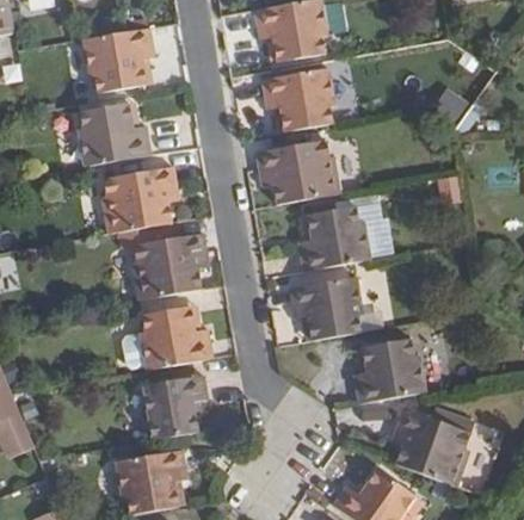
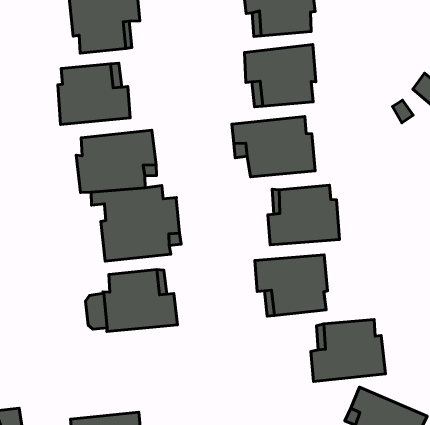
building: [142,374,206,439] -> none

